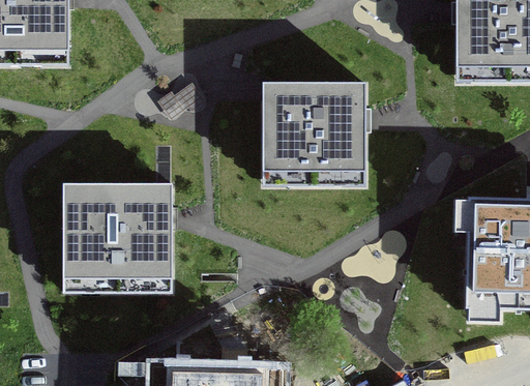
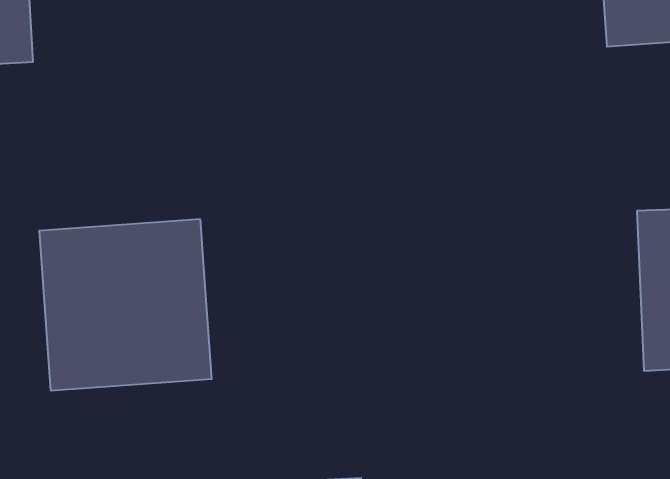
building: [261,84,364,183] -> none

